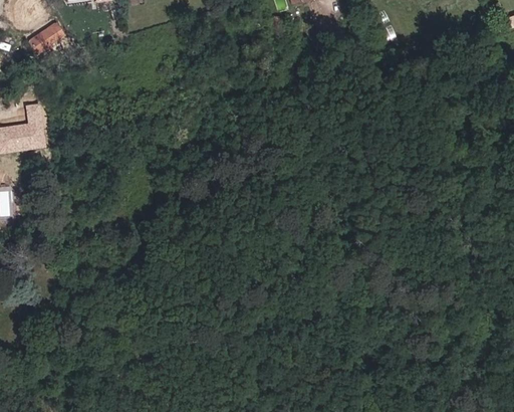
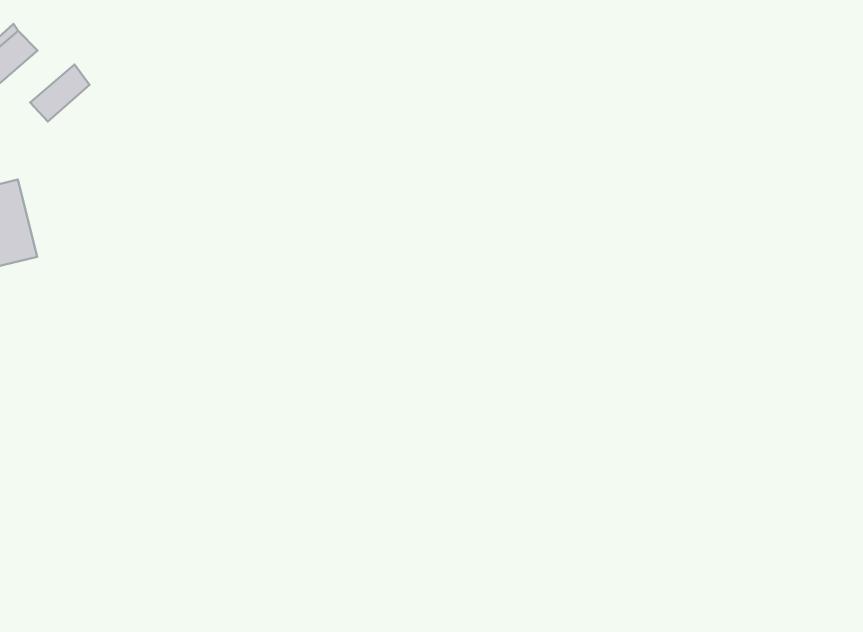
building: none -> [30,64,90,122]

